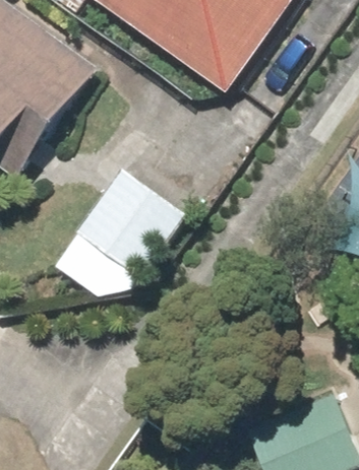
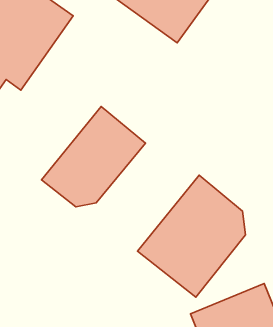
building: none -> [137,175,246,297]

